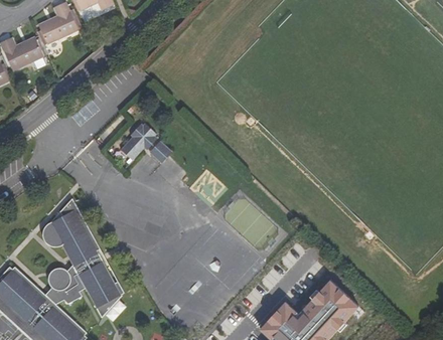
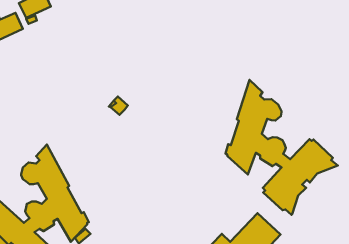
building: none -> [225,80,338,215]
building: [121,123,157,159] -> none

